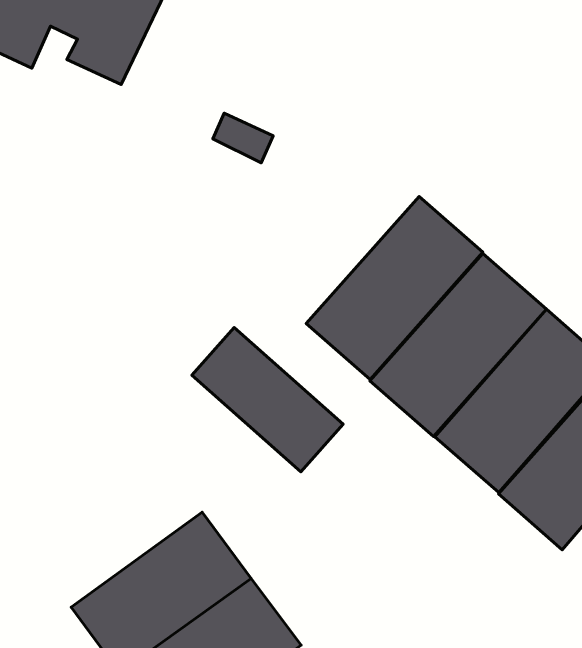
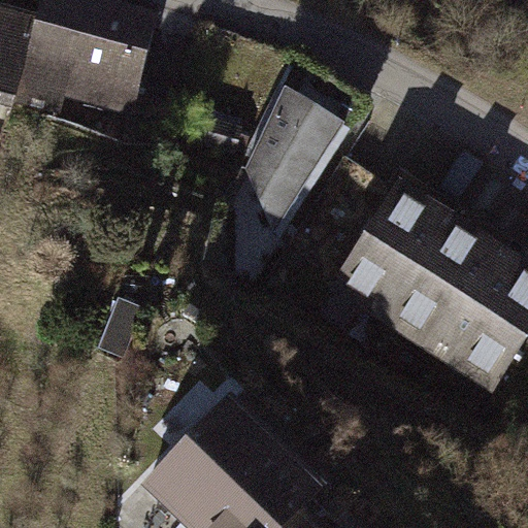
building: none -> [242,66,364,246]
building: [192,327,343,472] -> none

